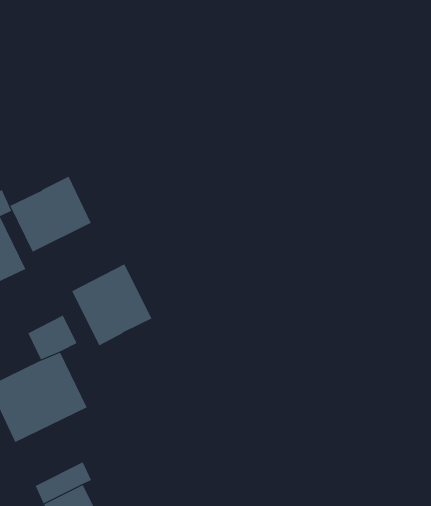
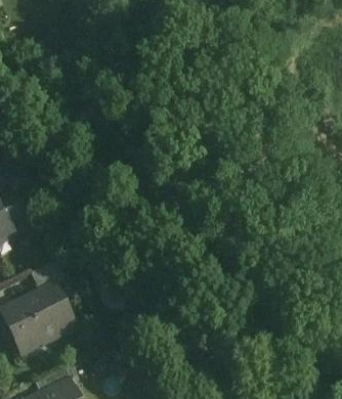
building: [10,176,92,253] -> none
building: [72,264,152,346] -> none

